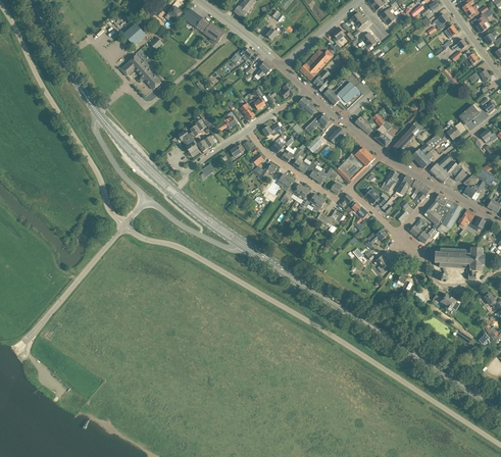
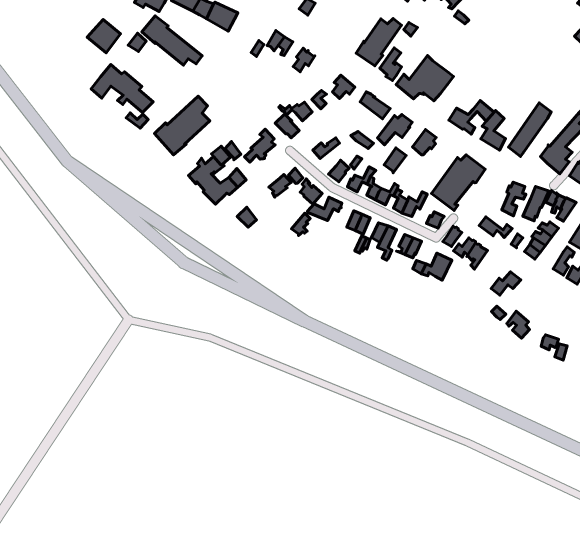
building: none -> [142,16,202,65]
building: none -> [154,96,210,155]

